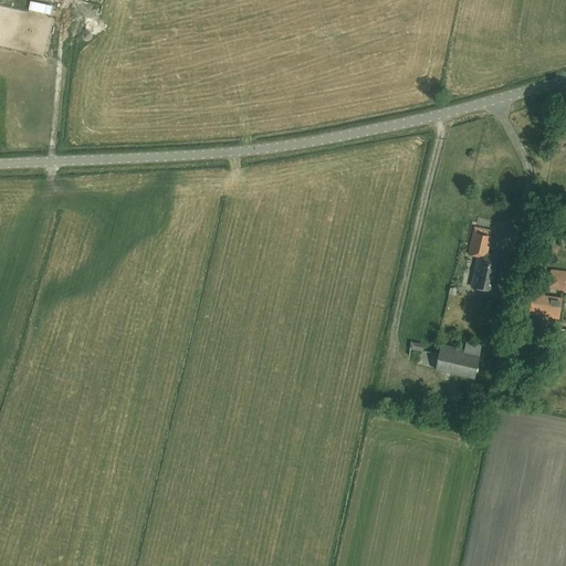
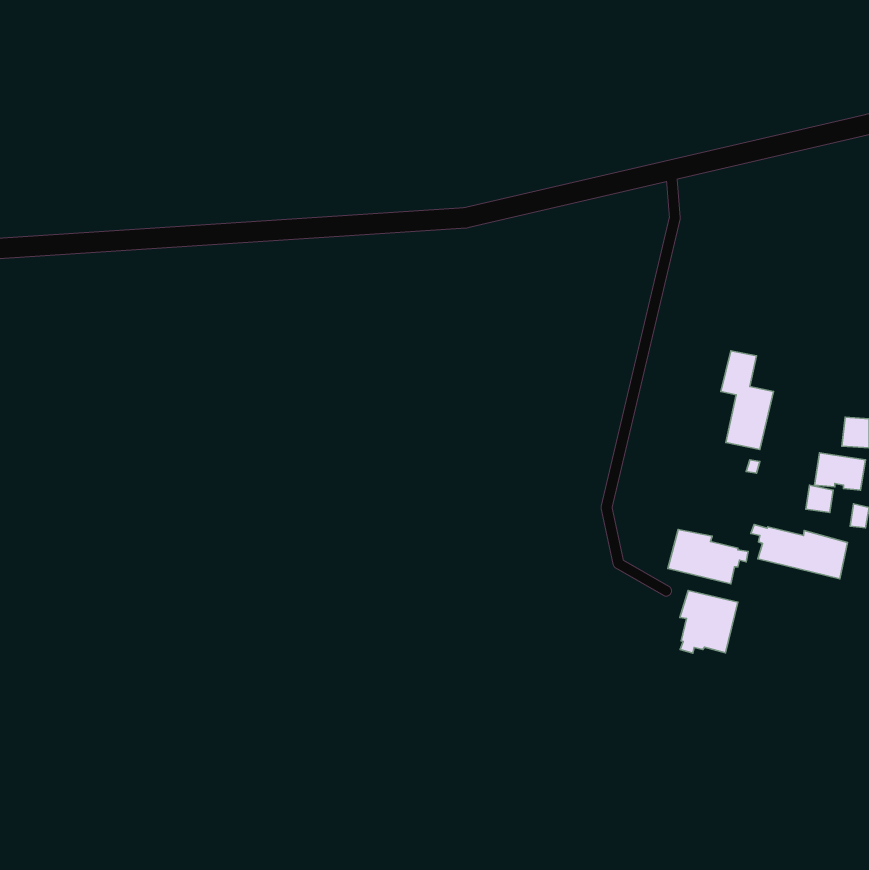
building: none -> [751,524,848,579]
building: none -> [680,591,738,653]

